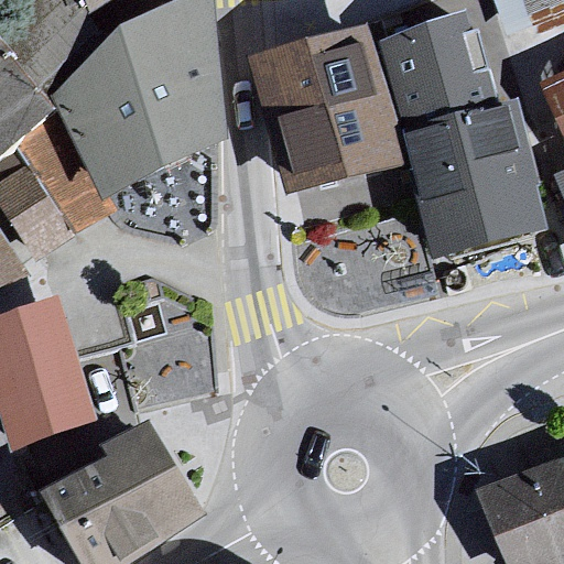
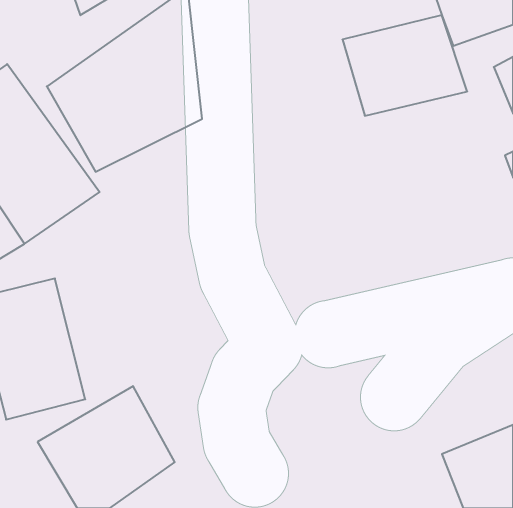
building: [270,19,384,166] -> none
building: [404,102,550,264] -> none

